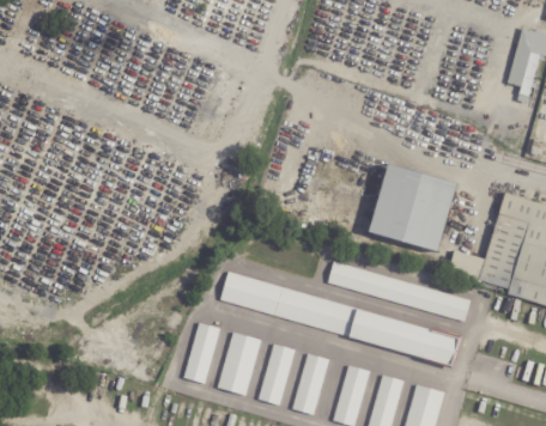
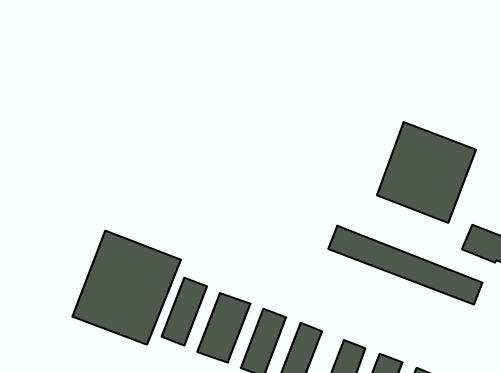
building: [220,272,463,370] -> none
building: none -> [72,231,181,345]

